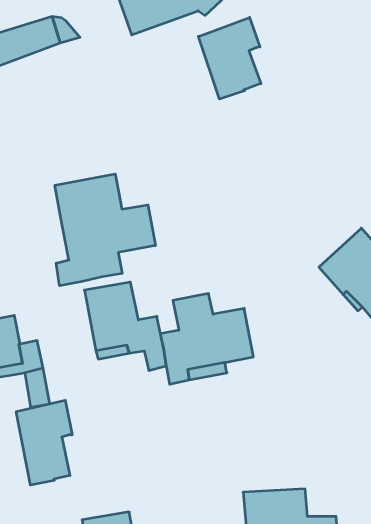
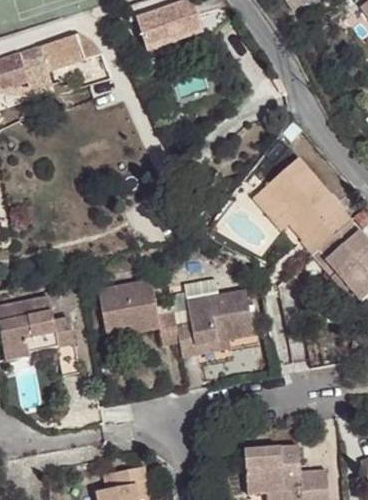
building: [198,17,261,99] -> none
building: none -> [254,156,348,253]
building: [55,174,155,286] -> none
building: [16,400,72,485] -> none

